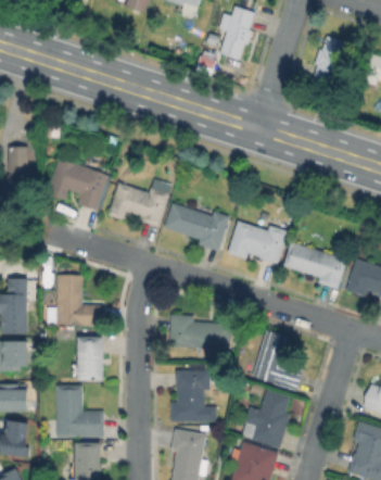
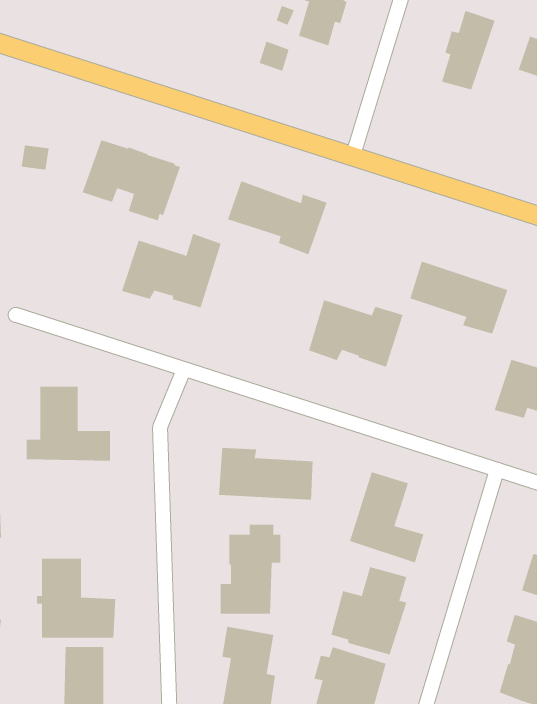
building: [47,159,110,211] -> [82,140,181,221]
building: [165,203,229,251] -> [227,180,328,255]
building: [283,241,346,288] -> [409,261,508,334]
building: [78,337,103,380] -> none

